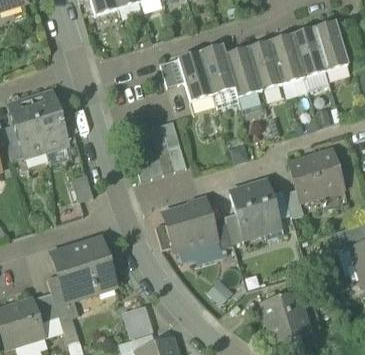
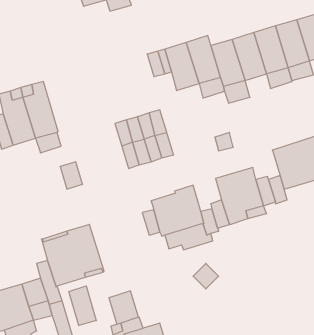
building: [264,291,310,340] -> none
building: none -> [69,286,96,326]

